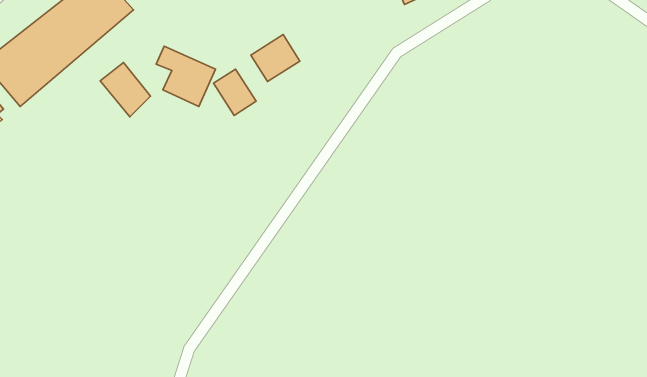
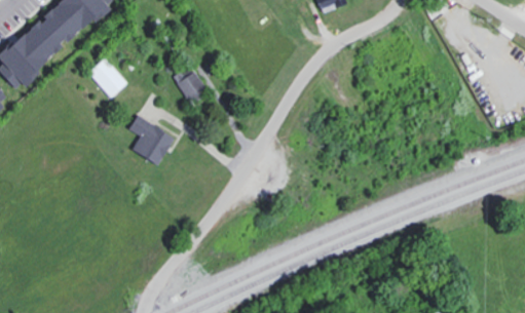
building: [251,35,300,82] -> none
building: [156,46,216,107] -> [129,114,177,162]

